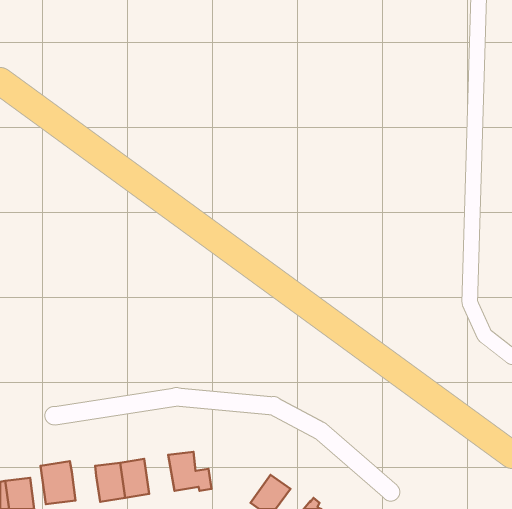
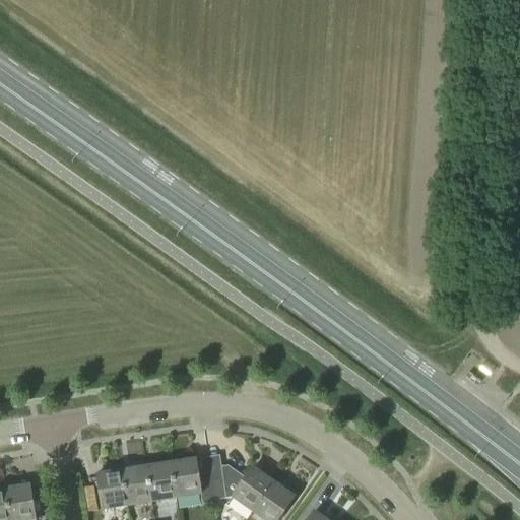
building: none -> [146,461,177,501]
building: none -> [209,464,274,510]
building: [40,461,75,504] -> none

